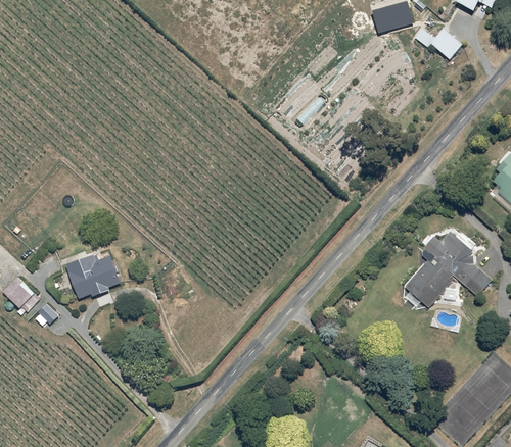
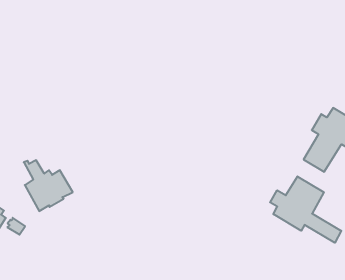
building: none -> [270,176,341,243]

